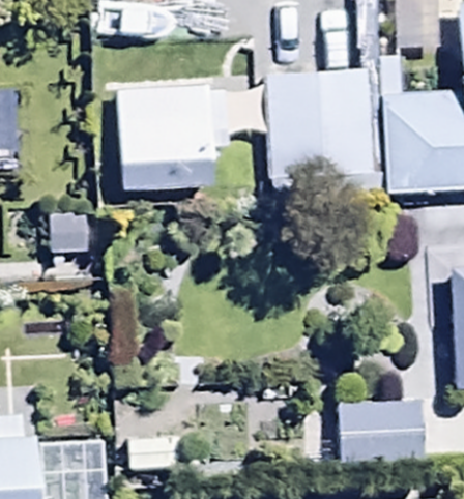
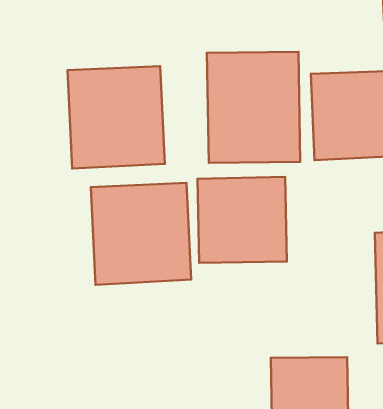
building: none -> [198,177,287,263]
building: none -> [91,183,191,285]

